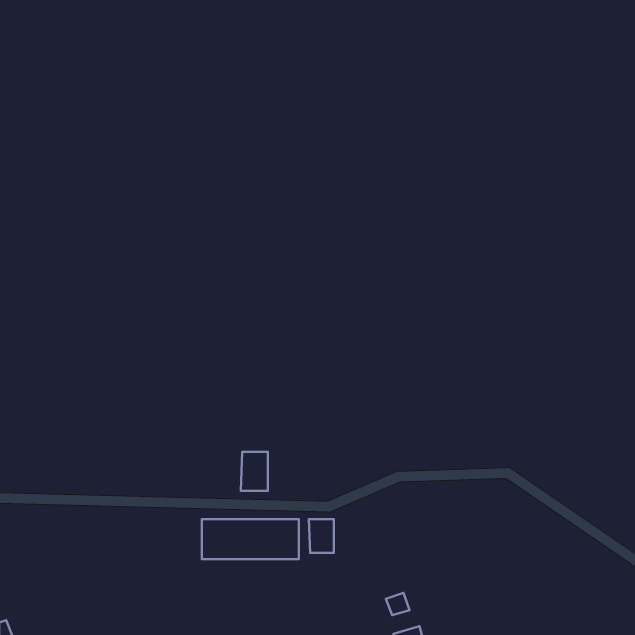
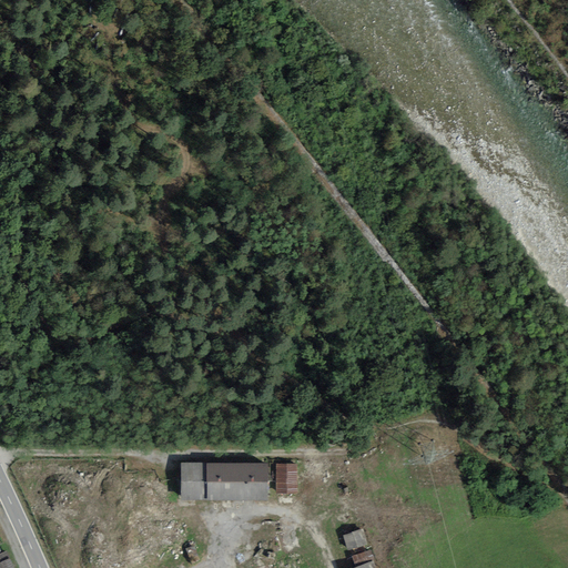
building: [241,452,268,491] -> none

